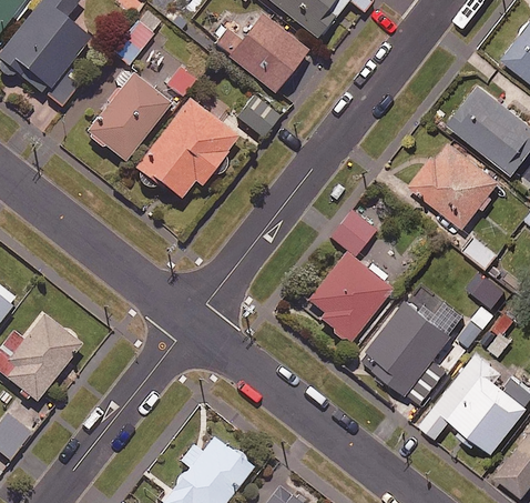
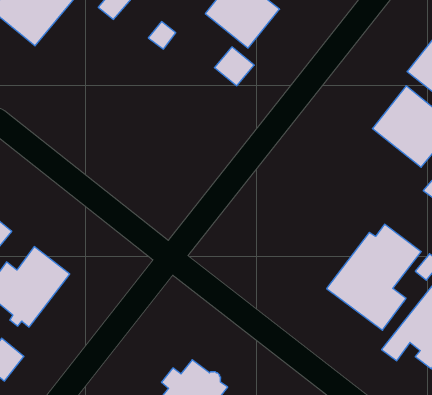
building: [86,73,170,160] -> none
building: [135,98,237,199] -> none
building: [307,212,391,342] -> none

